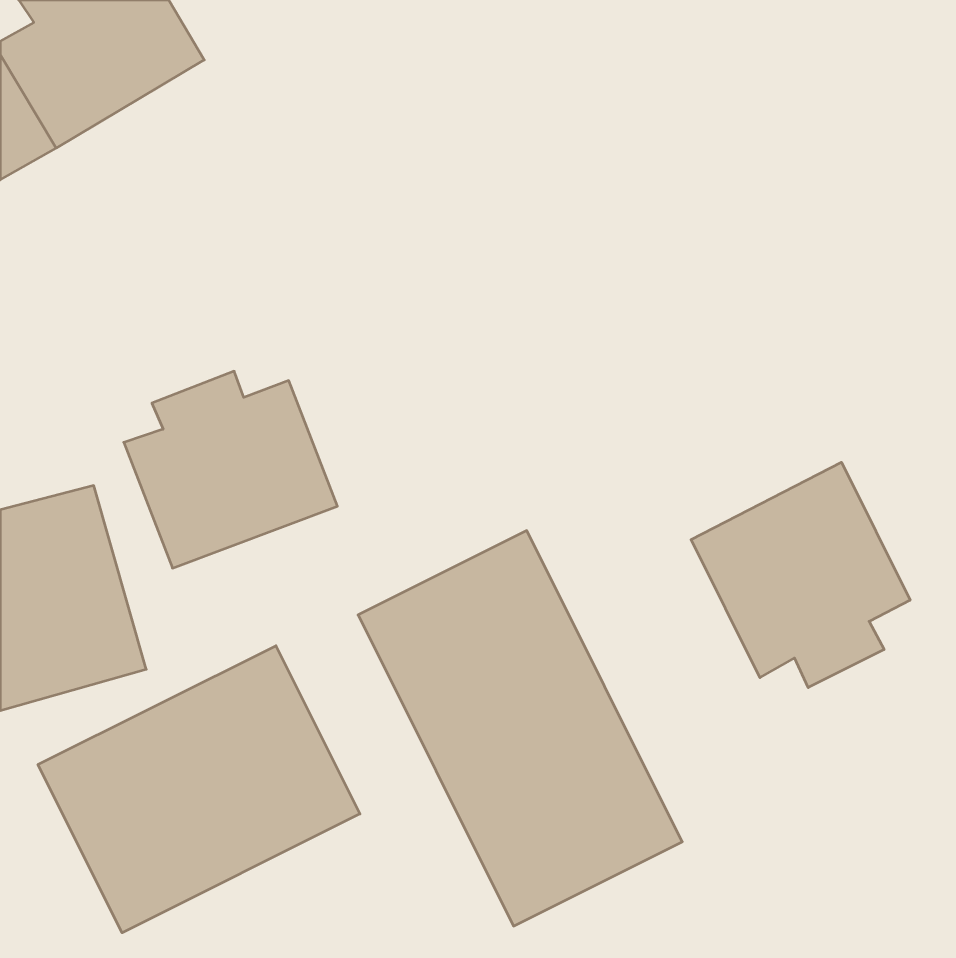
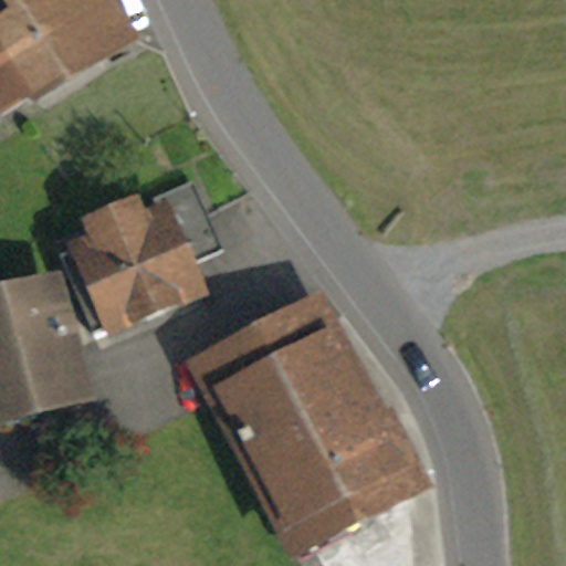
building: [691,462,910,688] -> none
building: [38,646,360,933] -> none

